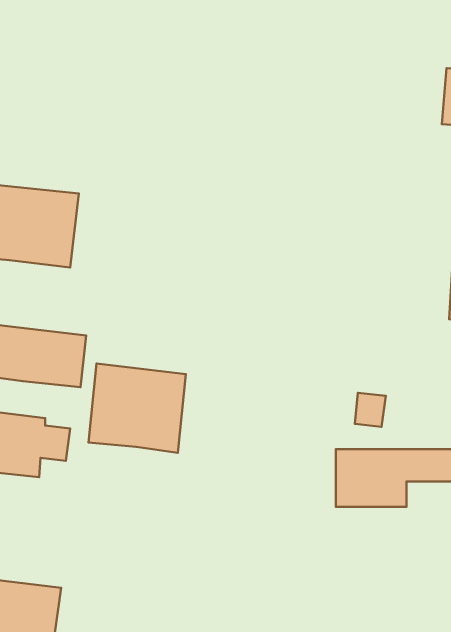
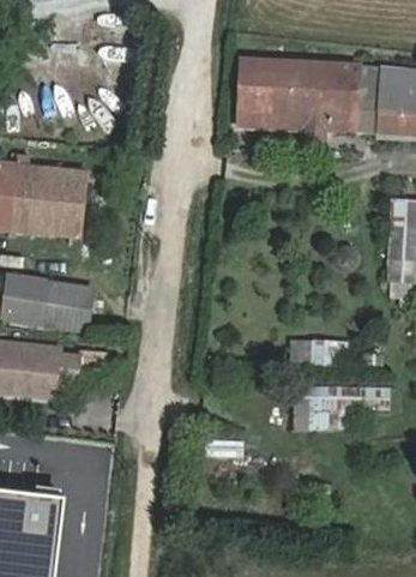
building: none -> [237,60,361,136]
building: [88,364,186,453] -> none

